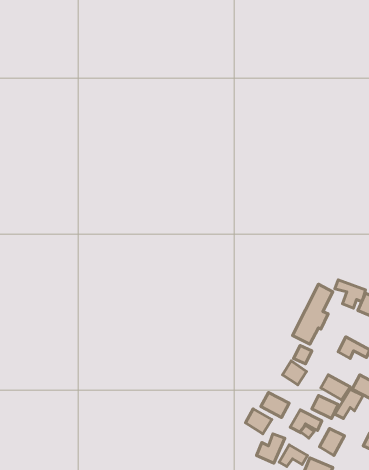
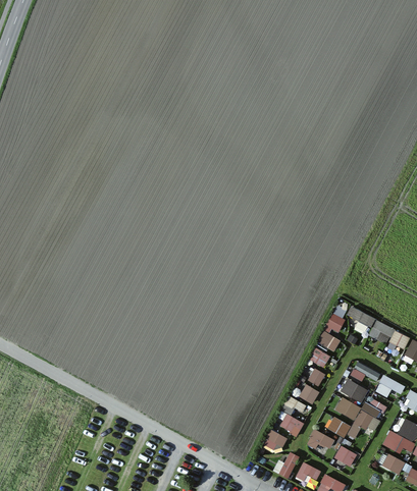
building: none -> [340,377,368,403]

